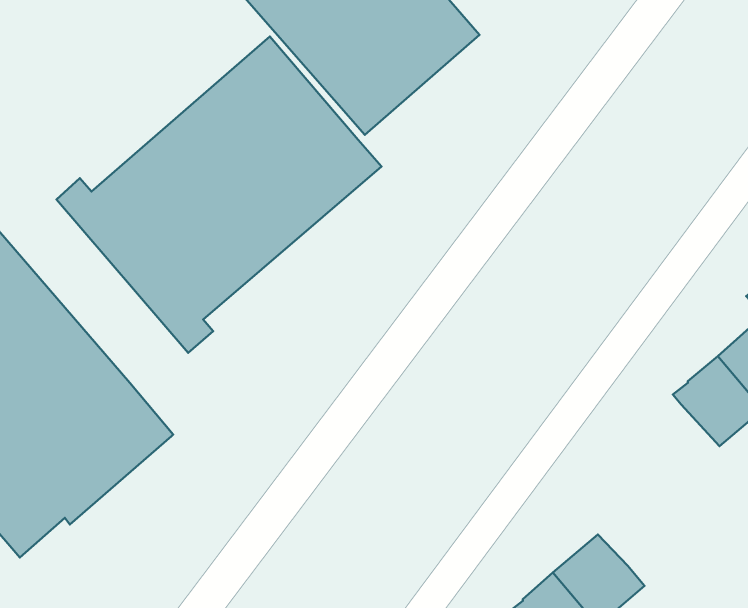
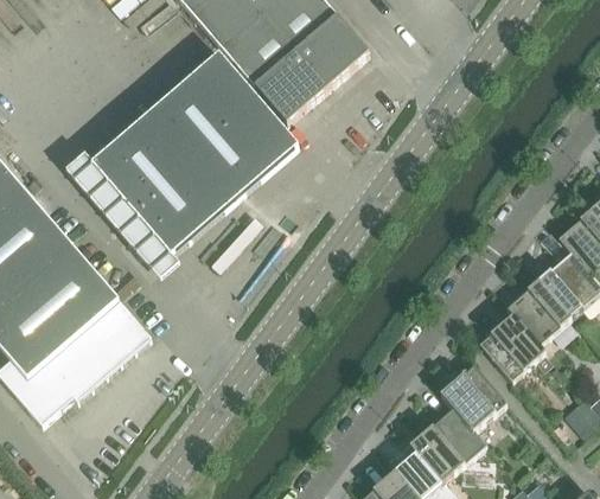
building: none -> [480,314,545,380]
building: none -> [440,365,506,429]

